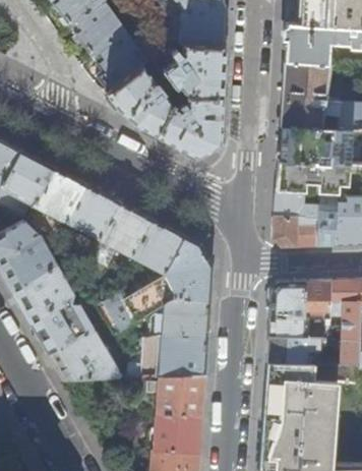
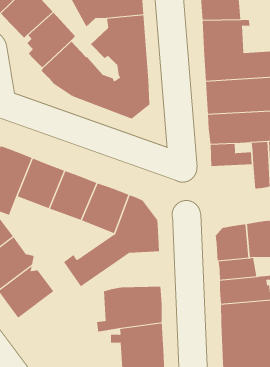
building: [275,218,320,248] -> none
building: [153,299,212,338] -> none
building: [53,330,123,381] -> none

